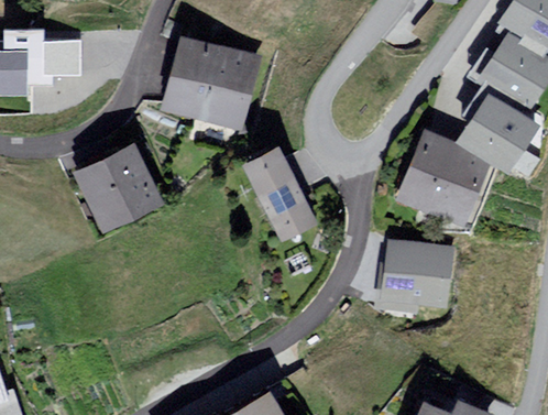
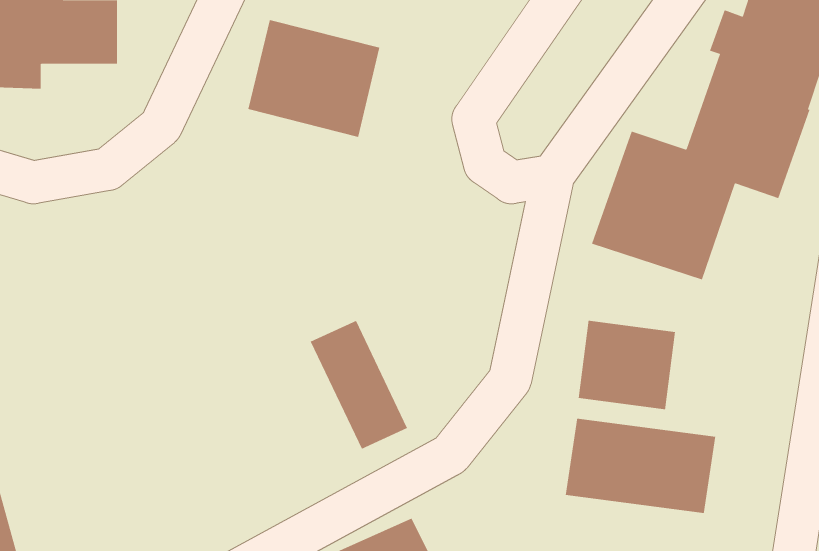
building: [79,153,160,234] -> none
building: [251,157,316,243] -> [310,320,408,450]
building: none -> [565,418,716,514]

